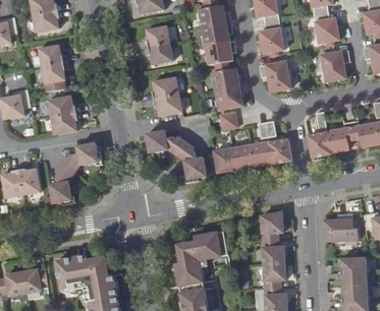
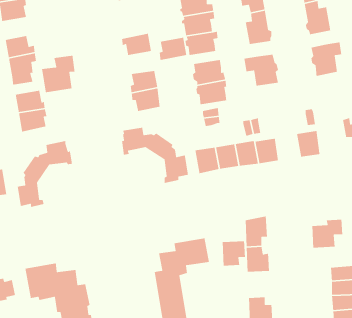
building: [144,24,170,47] -> [159,37,187,61]
building: none -> [41,55,76,93]
building: [327,122,354,153] -> none
building: [262,263,284,288] -> [222,240,246,267]

